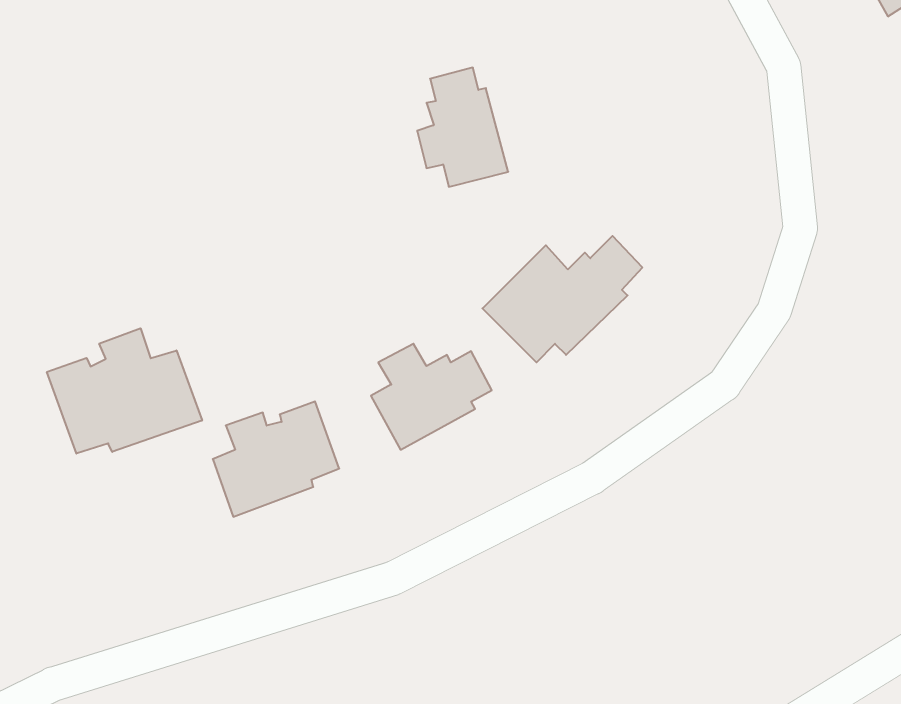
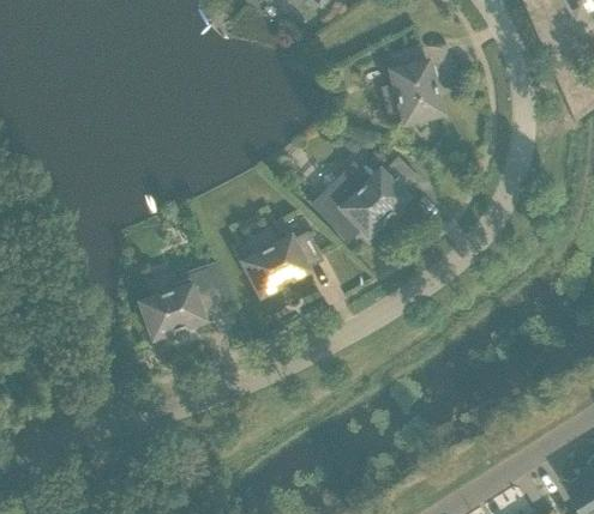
building: [417,68,508,187] -> [382,48,440,125]
building: [47,328,202,454] -> none

